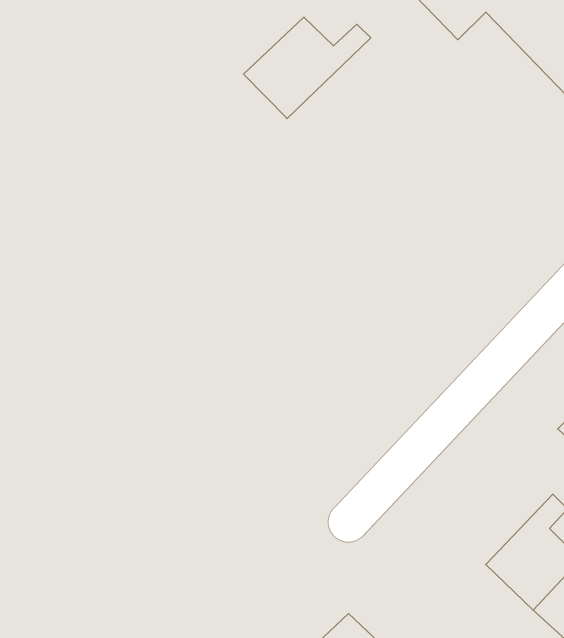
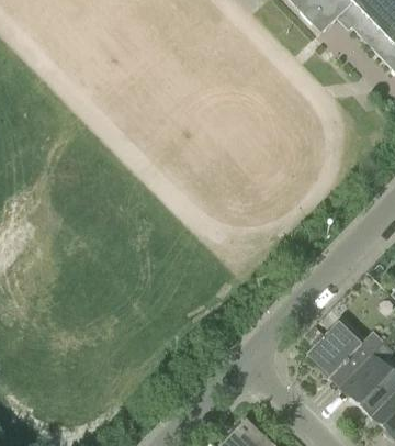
building: [244,17,371,119] -> none
building: none -> [307,322,384,387]

